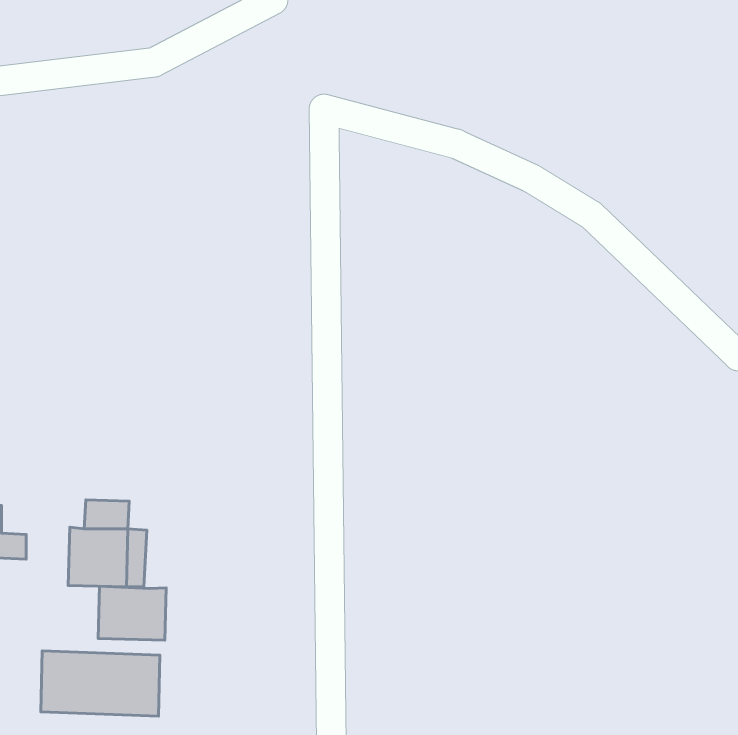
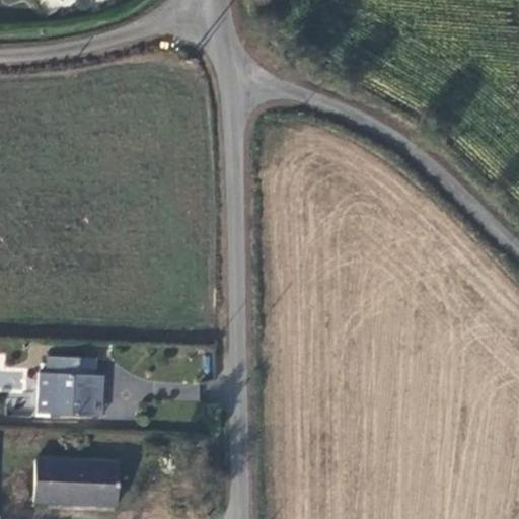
building: [98,586,166,640] -> none

